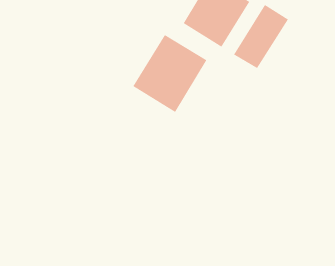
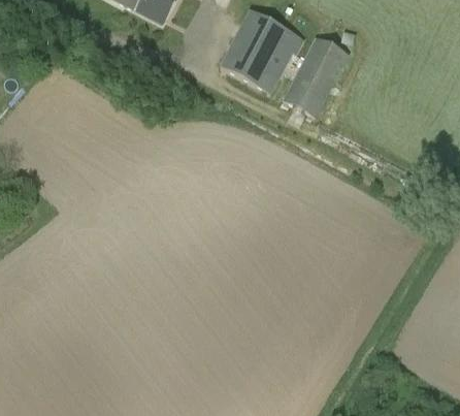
building: [132,34,207,113] -> none

